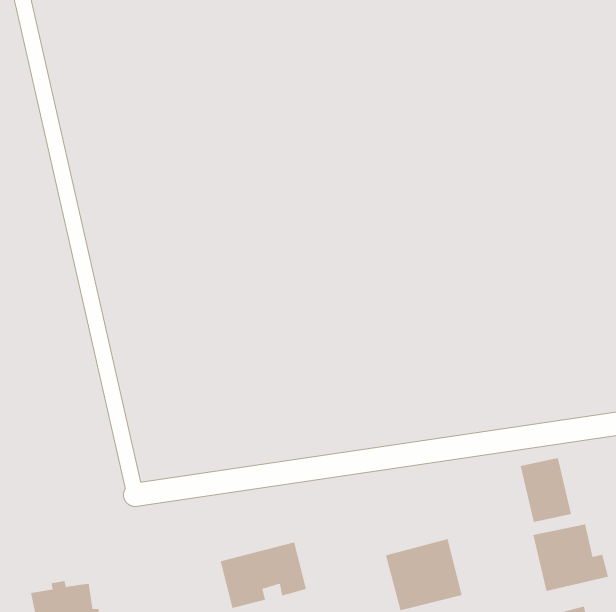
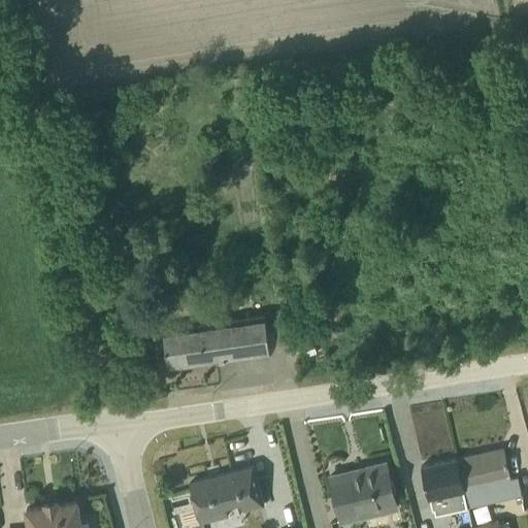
building: none -> [162,318,270,369]
building: [520,457,572,523] -> [422,461,466,517]

